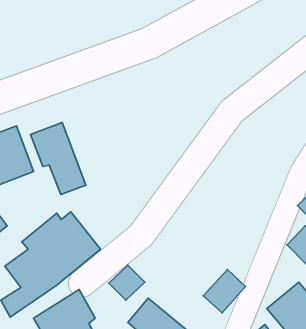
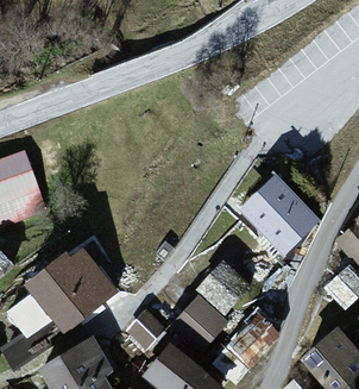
building: [31,122,86,195] -> none
building: none -> [243,175,319,251]
building: none -> [199,263,245,309]
building: none -> [175,297,225,347]

